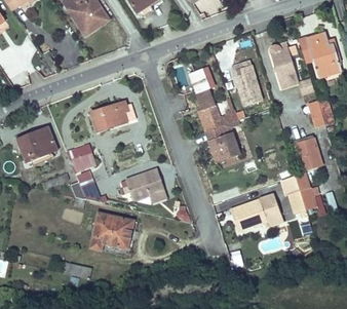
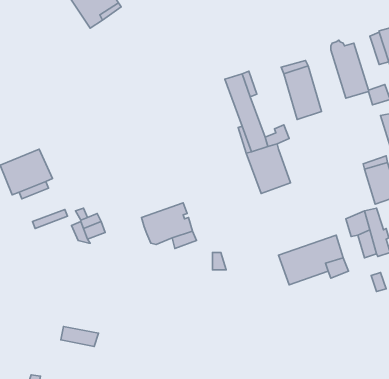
building: [91,102,136,131] -> none
building: [67,144,95,172] -> none
building: [89,213,132,250] -> none

